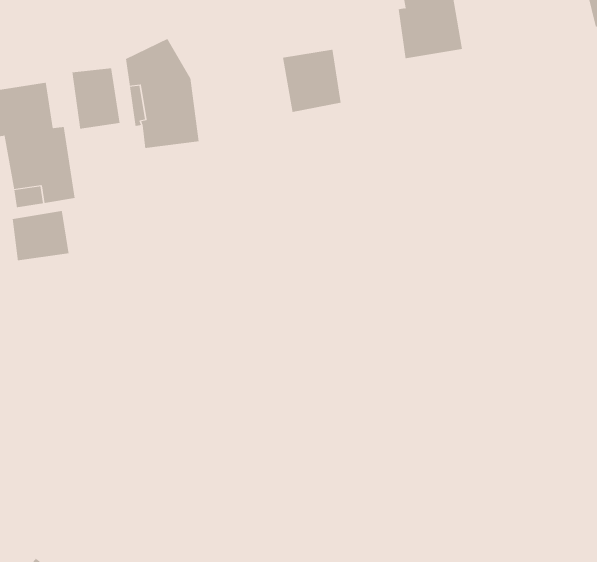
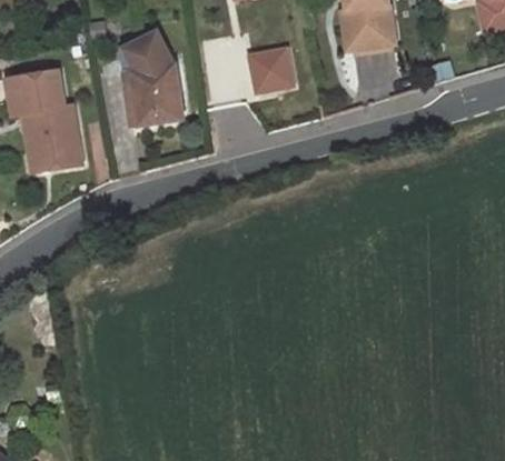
building: [72,68,120,130] -> none
building: [12,210,69,261] -> none

